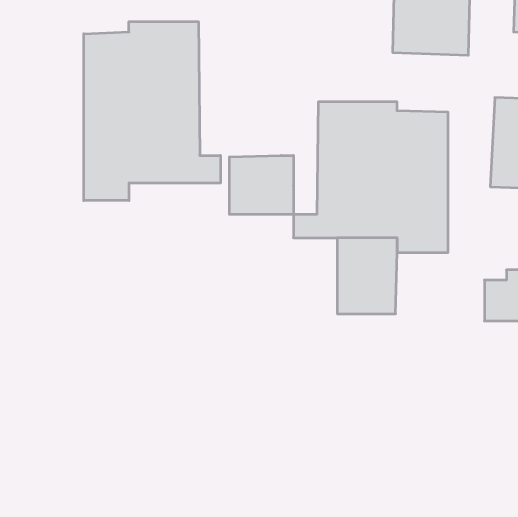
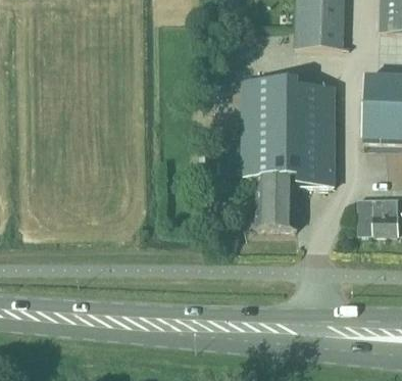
building: [84,22,220,201] -> none
building: [229,155,293,214] -> none

